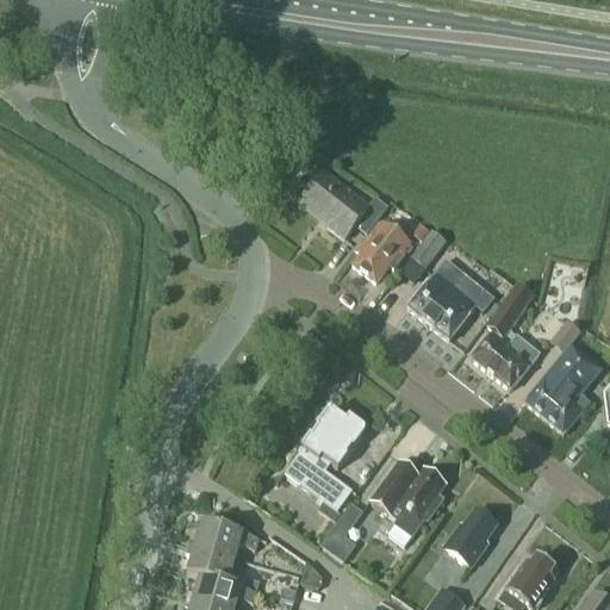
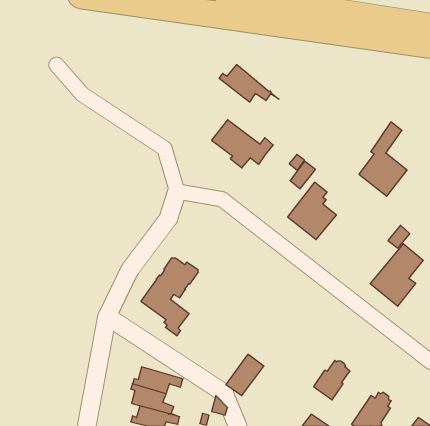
building: none -> [219,65,279,102]
building: [351,218,411,280] -> none
building: [471,284,539,388] -> [359,122,407,196]
building: [284,410,365,519] -> [141,258,198,336]
building: [371,460,446,535] -> none

